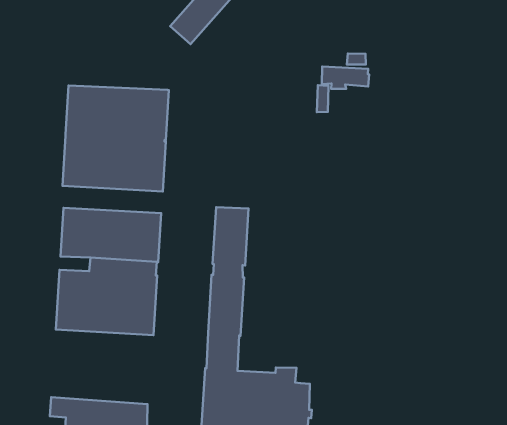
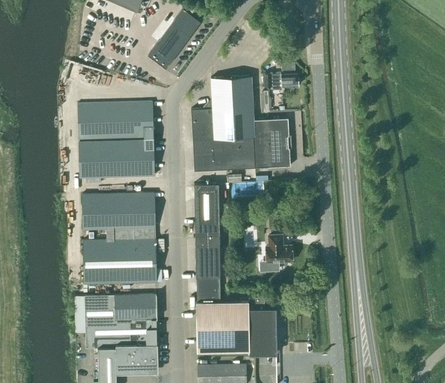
building: none -> [191,76,290,170]
building: none -> [266,235,292,262]
building: none -> [84,294,157,334]

